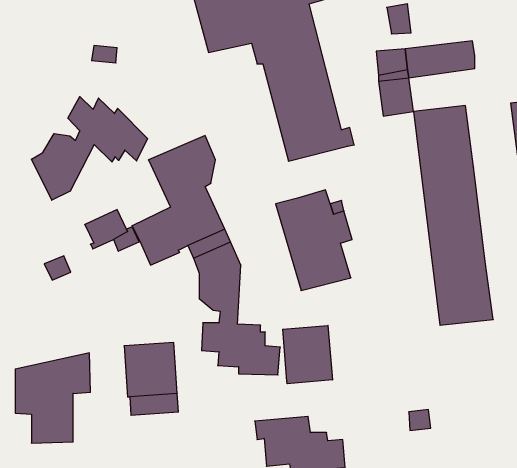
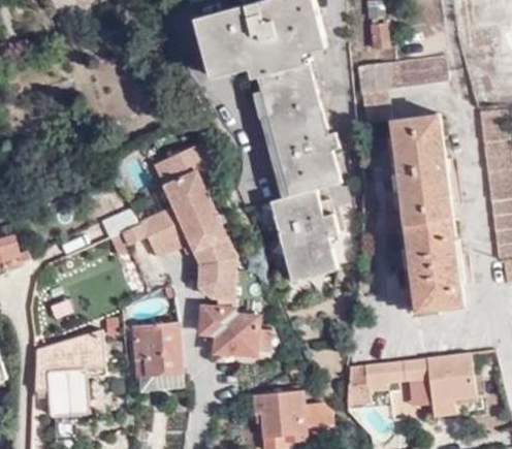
building: [32,97,147,200] -> none
building: none -> [279,151,340,197]
building: [283,325,332,384] -> none
building: none -> [344,353,474,414]

